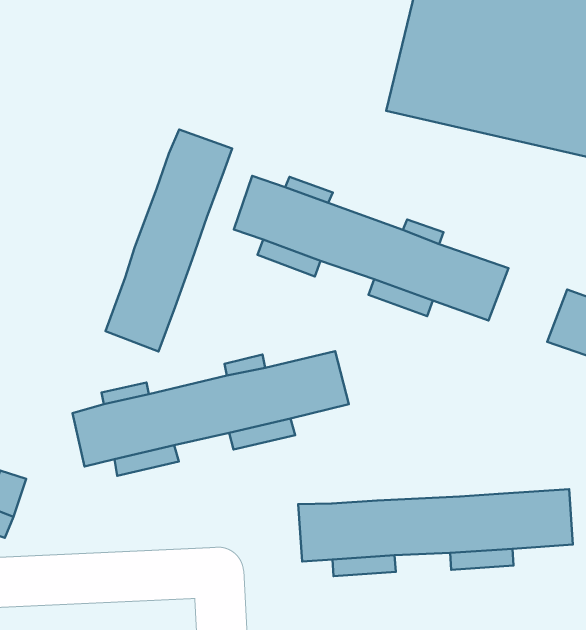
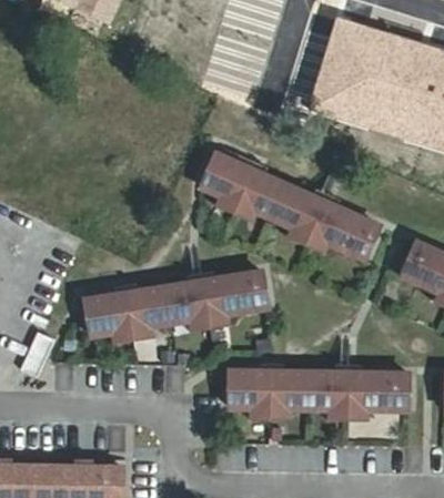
building: [106,129,232,351] -> none

